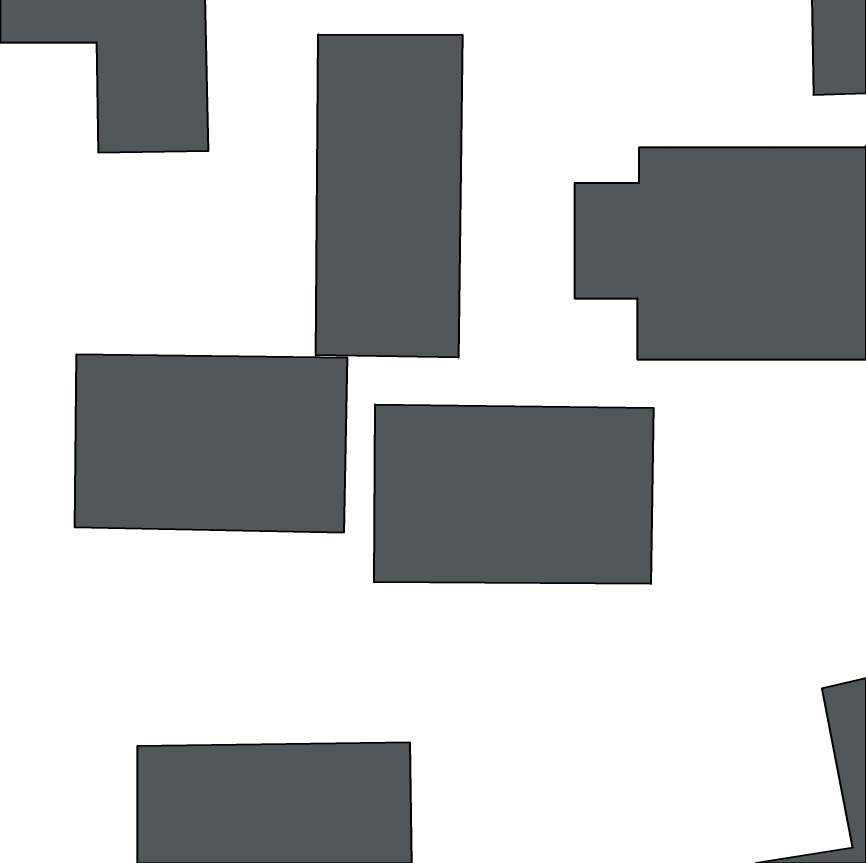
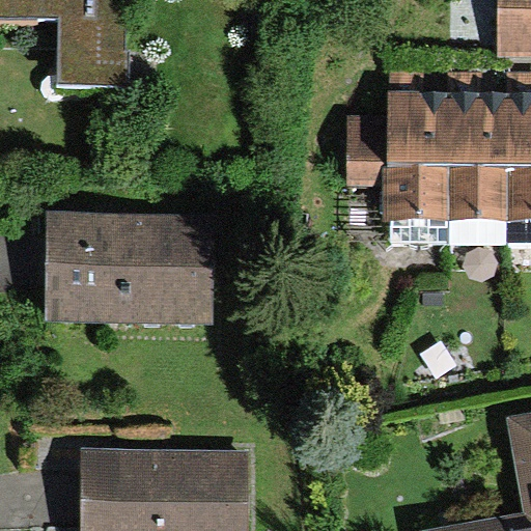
building: [316,34,463,358] -> none
building: [374,404,654,584] -> none

